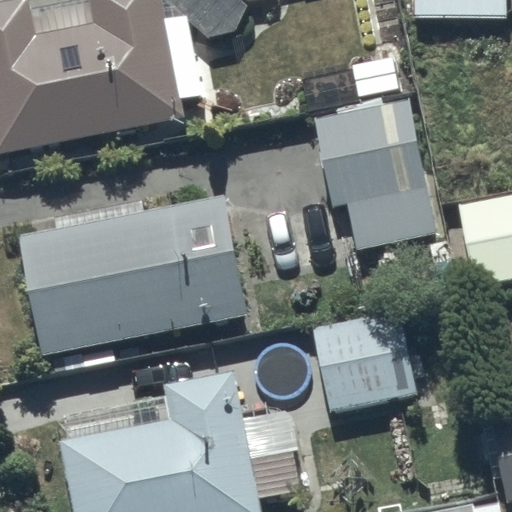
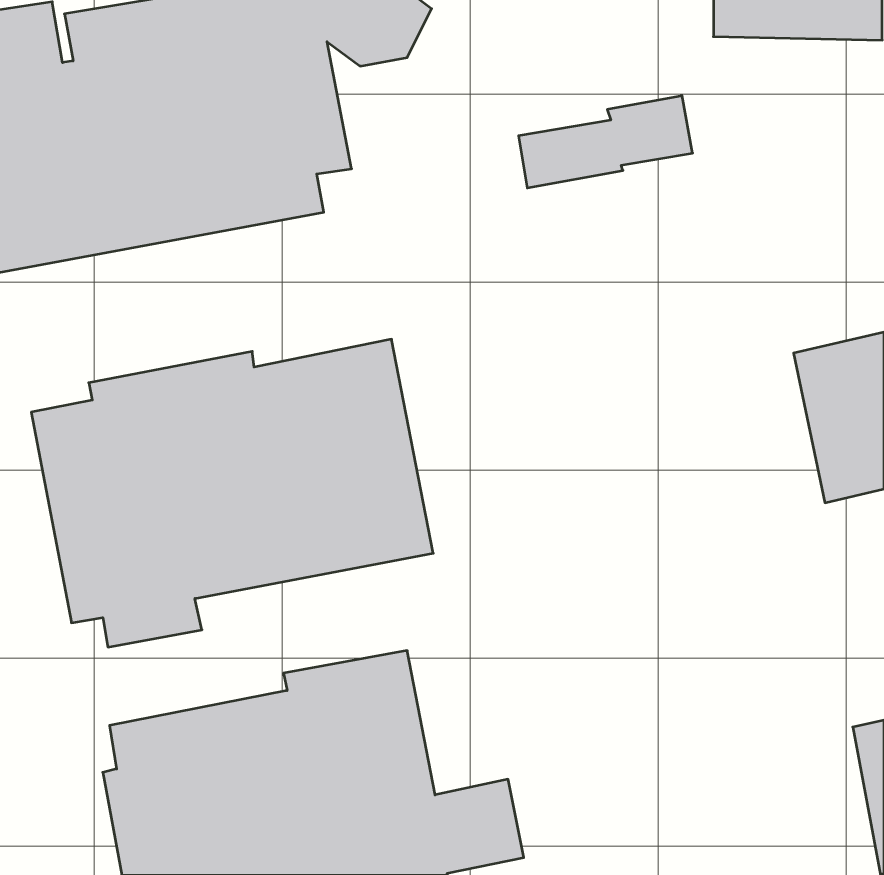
building: [312,96,436,249] -> none
building: [312,309,416,412] -> none

